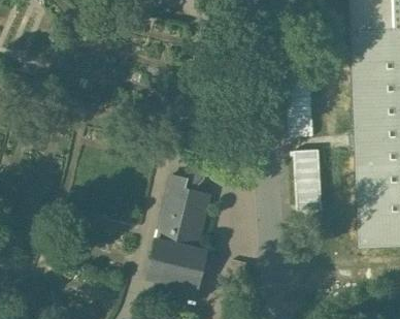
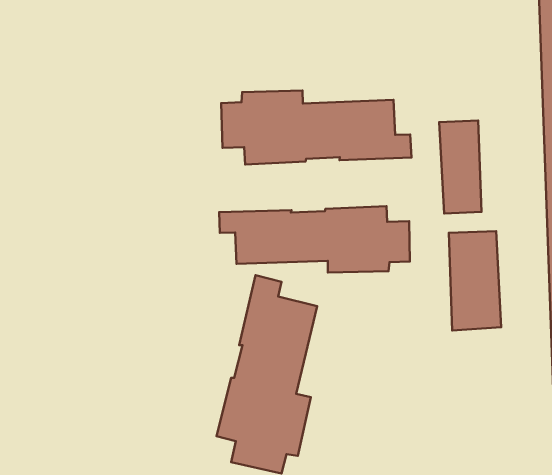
building: none -> [221,91,411,165]
building: none -> [219,206,410,272]

